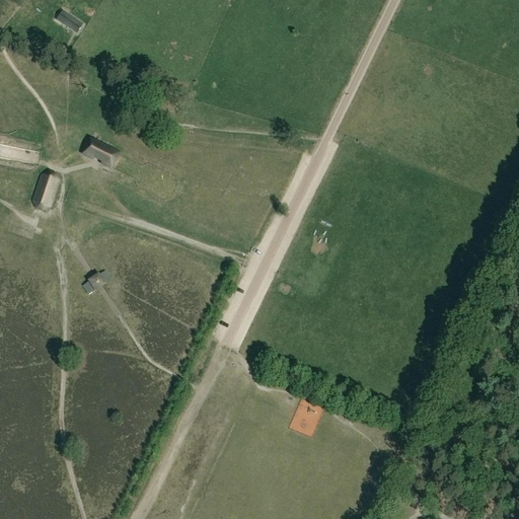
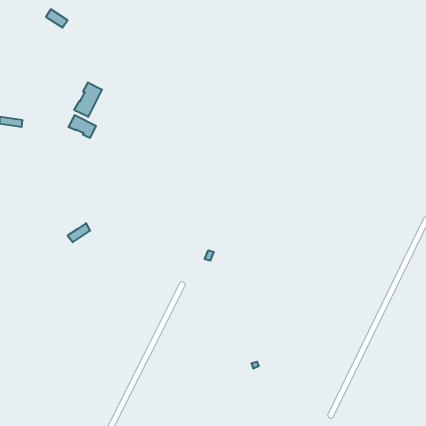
building: none -> [74,82,102,117]
building: [31,171,58,210] -> none

